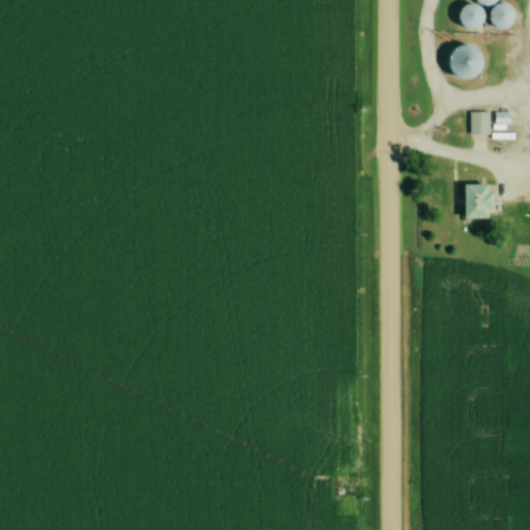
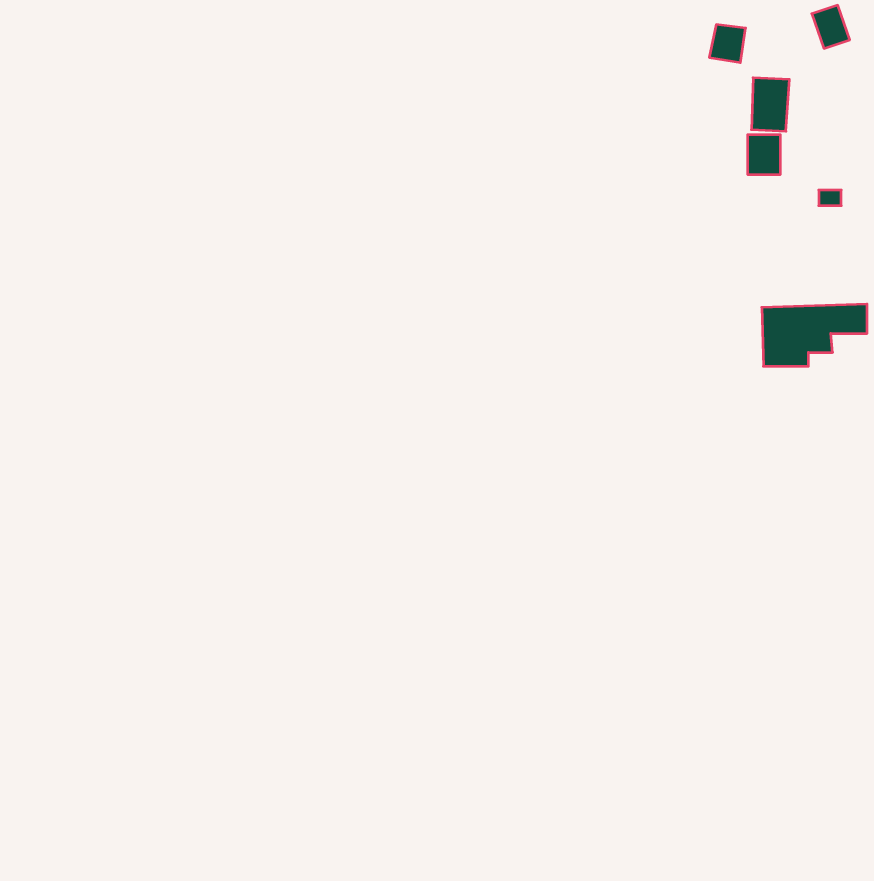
building: [462,6,483,29] -> [709,25,746,63]
building: [471,112,491,136] -> [748,135,780,174]

